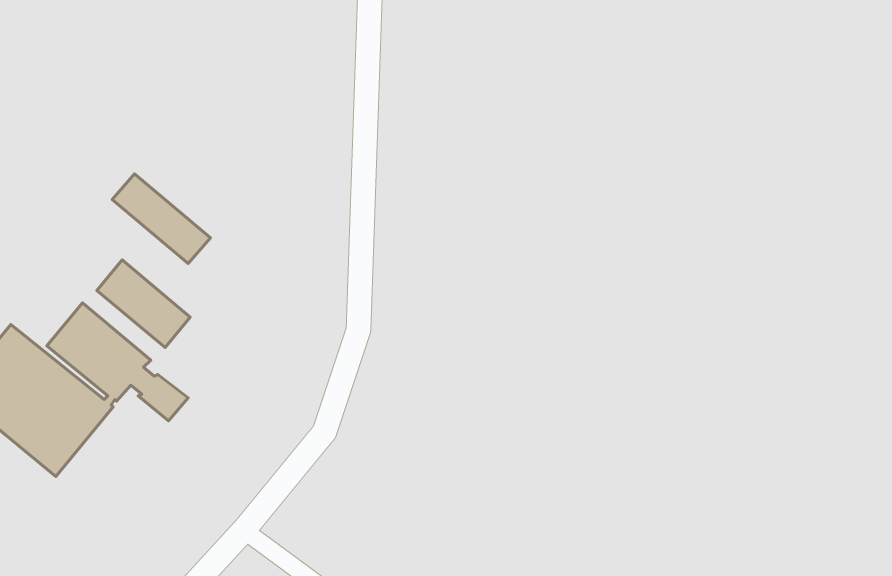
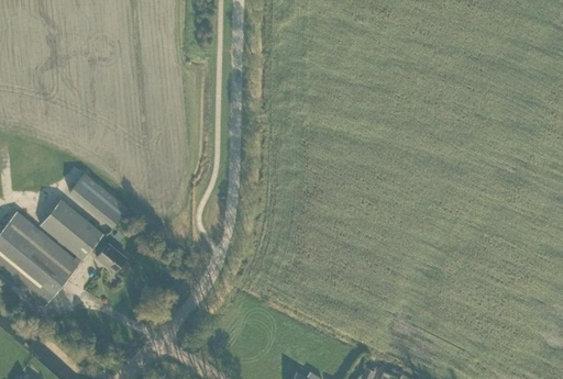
building: [112,174,210,263] -> none

